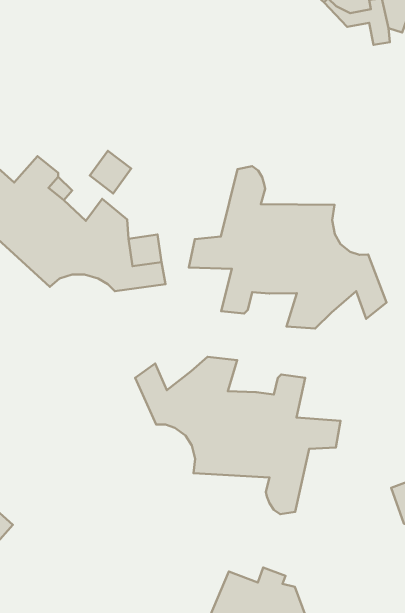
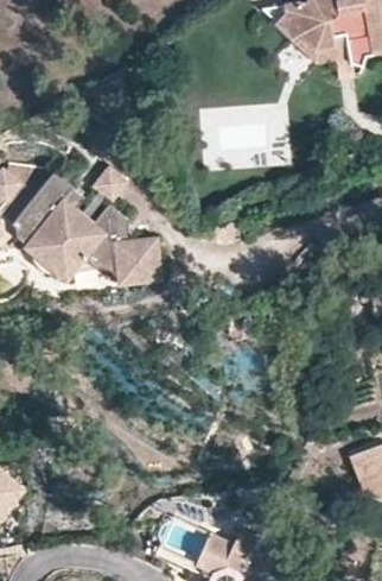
building: [189,166,386,329] -> none
building: [135,357,341,514] -> none

